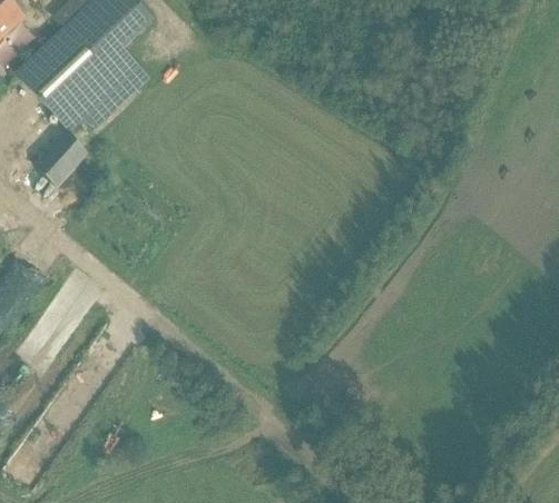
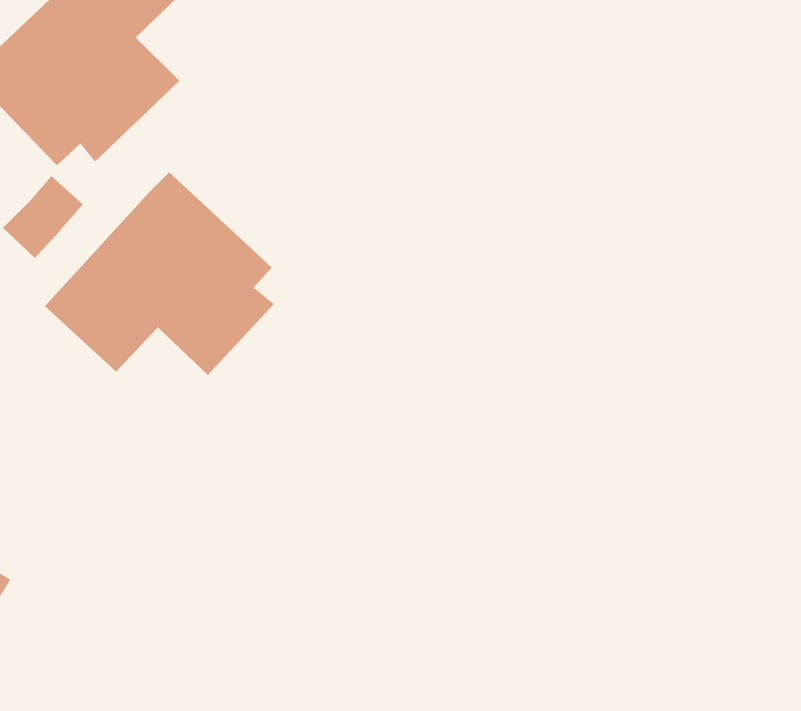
building: none -> [44,171,275,376]

